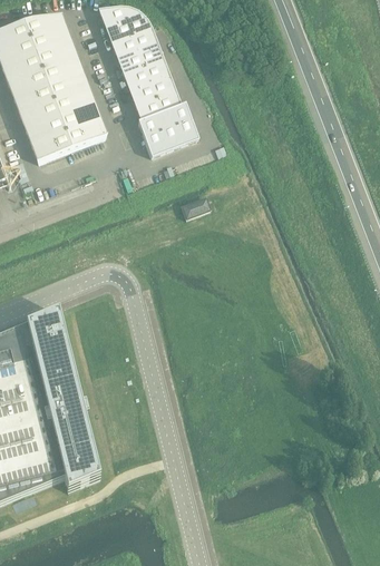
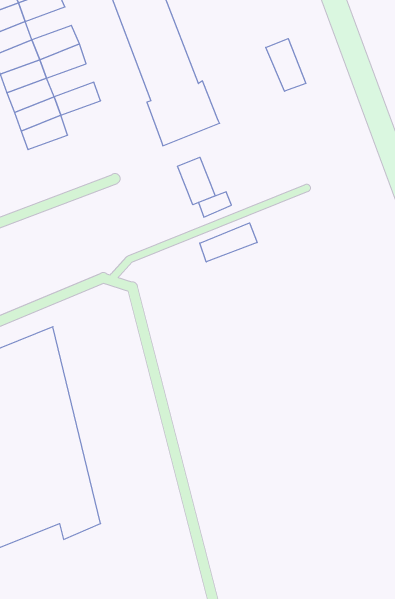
building: [35,39,74,67] -> none
building: none -> [266,39,306,91]
building: [52,87,92,115] -> none
building: [65,118,104,147] -> none
building: none -> [178,157,215,205]
building: none -> [200,223,257,262]

